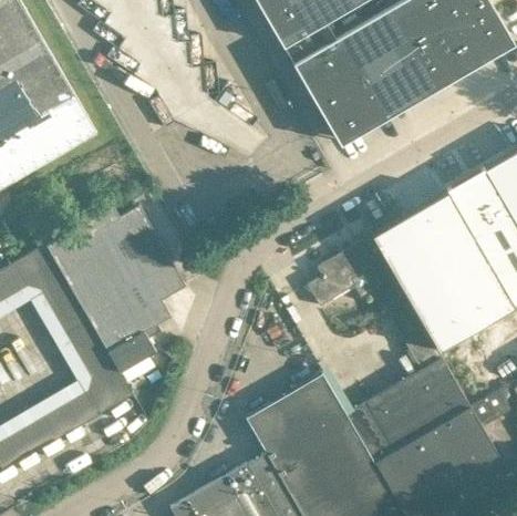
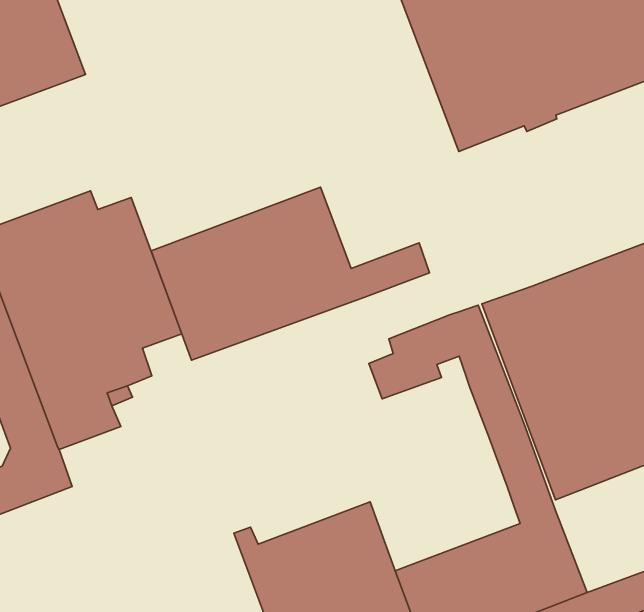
building: none -> [151,187,429,360]

